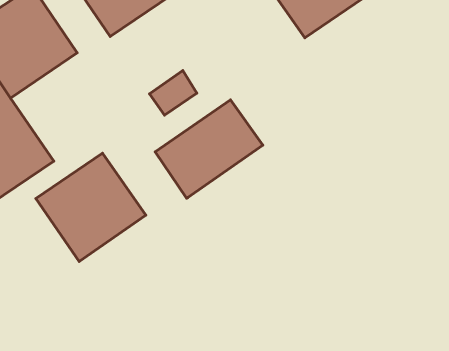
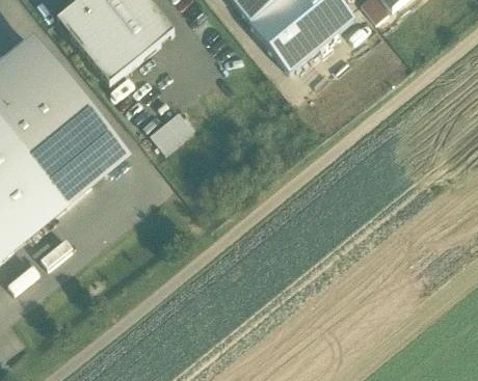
building: [155,100,263,198] -> none
building: [36,153,146,262] -> [22,99,125,200]

